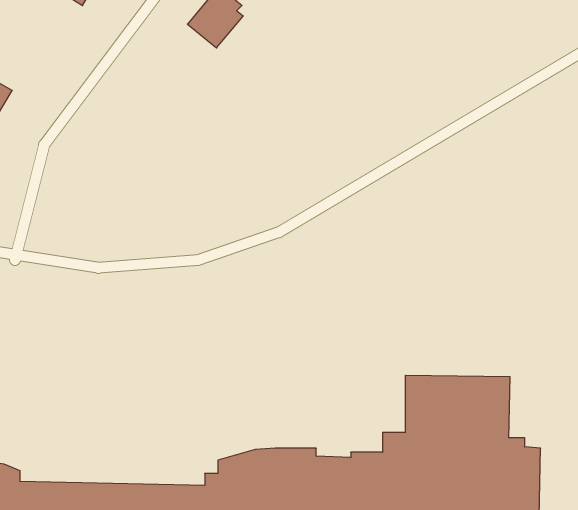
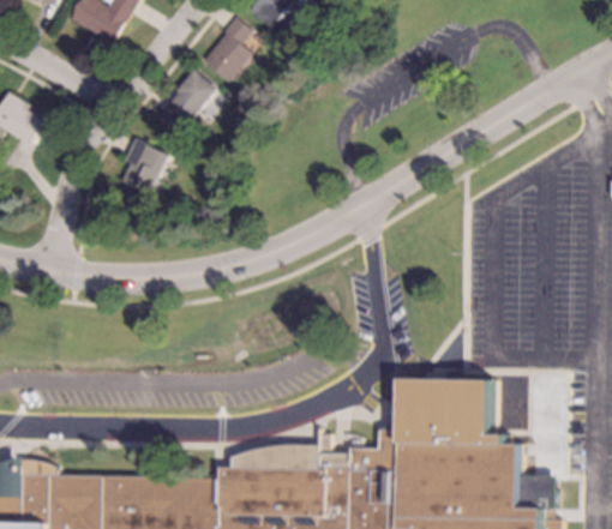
building: none -> [160,70,216,133]
building: none -> [121,139,168,194]

